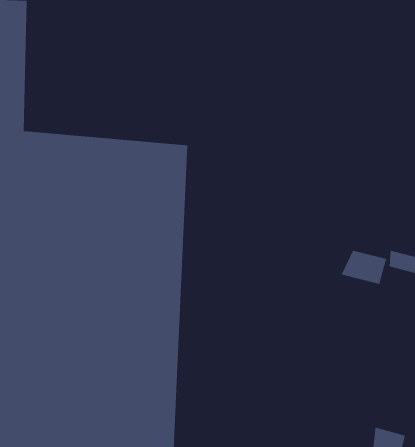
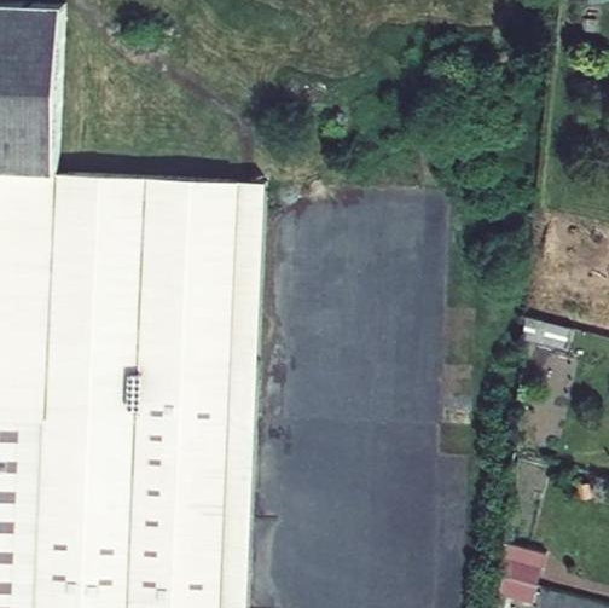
building: [341,250,387,285] -> none

